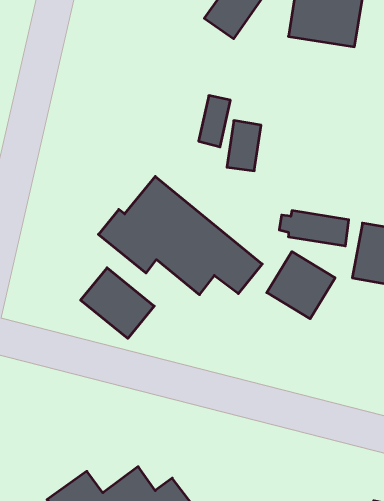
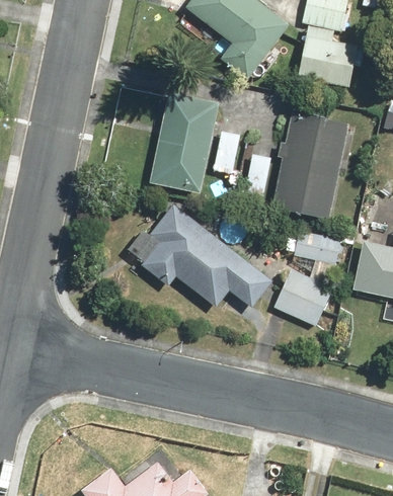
building: none -> [147,88,221,192]
building: none -> [268,113,346,221]
building: [81,268,154,338] -> none

